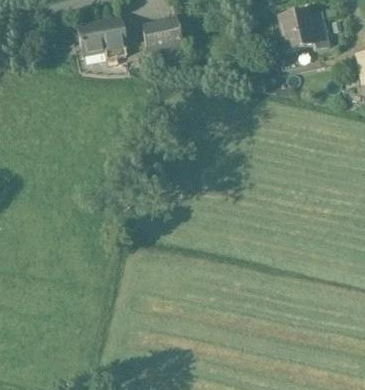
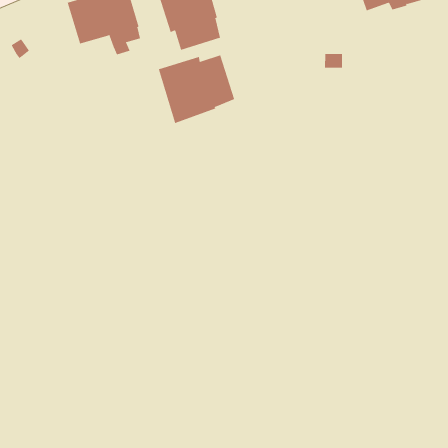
building: none -> [158,55,235,124]

